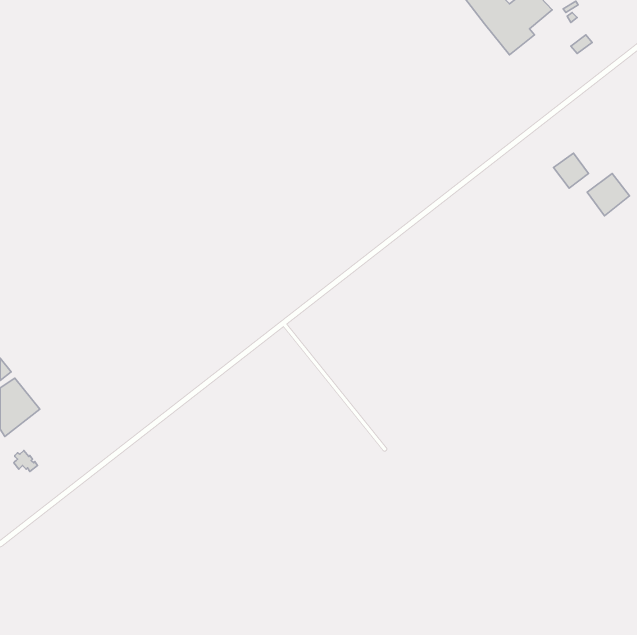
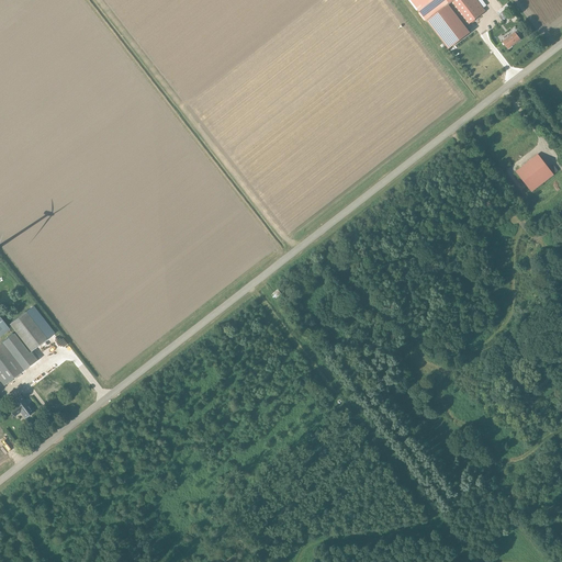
building: [553,153,588,188] -> none
building: none -> [11,310,48,349]

